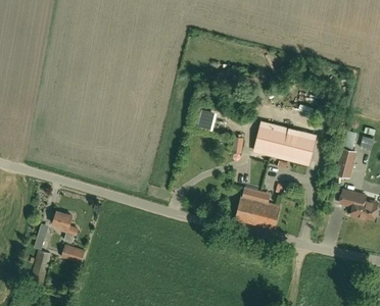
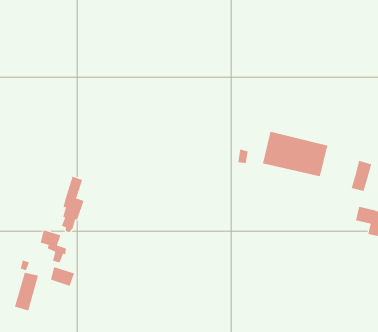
building: none -> [61,176,84,233]
building: [236,188,279,228] -> none

